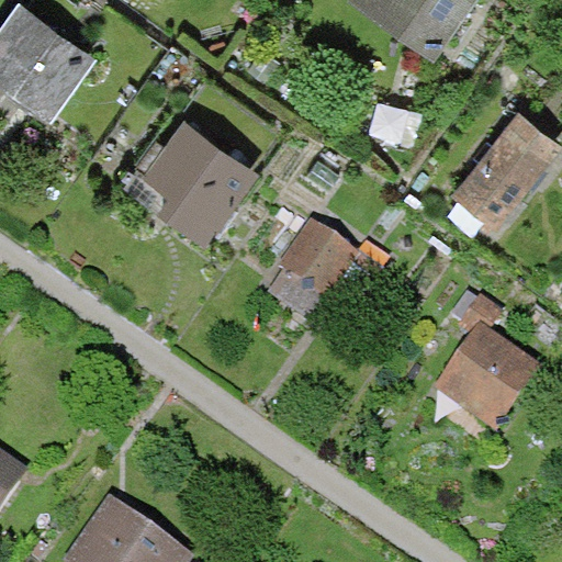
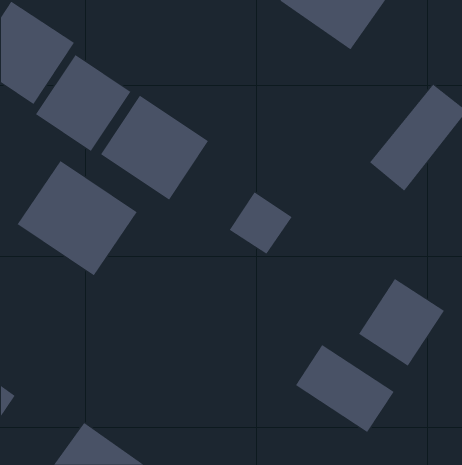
building: none -> [35,54,131,152]
building: none -> [17,160,137,276]
building: none -> [295,344,394,433]

